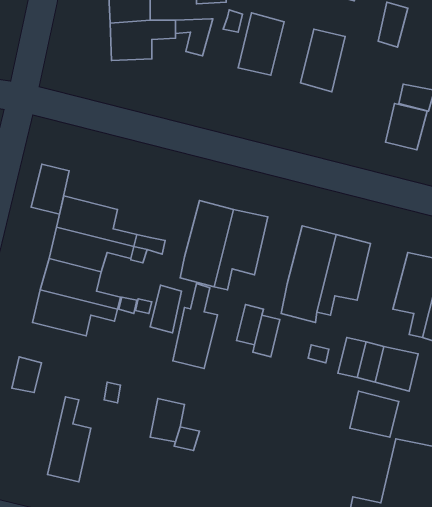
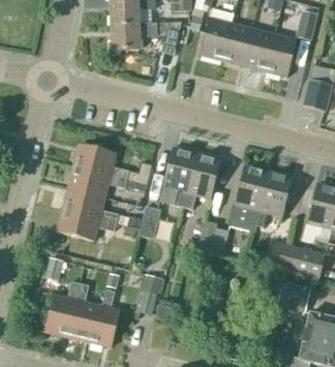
building: none -> [222,23,252,65]
building: none -> [265,33,297,77]
building: [31,164,69,214] -> none
building: [173,284,217,368] -> [89,288,120,347]
building: none -> [44,281,80,337]

